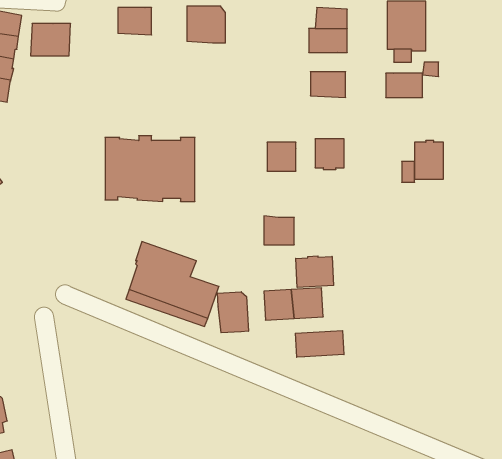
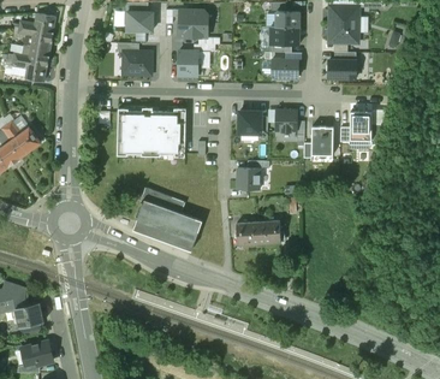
building: [31,24,71,56] -> [121,51,151,75]
building: none -> [177,51,200,76]
building: none -> [310,126,332,155]
building: [296,256,334,287] -> none
building: [218,292,248,333] -> none
building: [295,331,344,357] -> none

